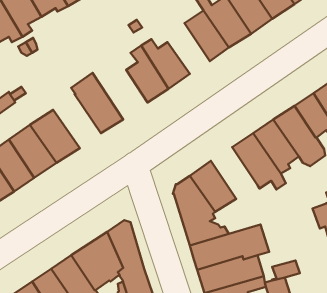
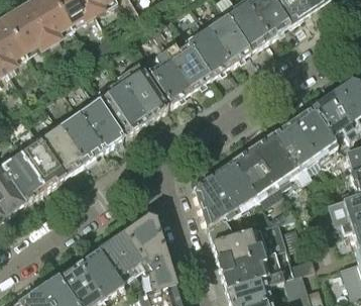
building: none -> [188,28,231,77]
building: none -> [119,62,169,120]
building: none -> [82,99,124,147]
building: none -> [232,146,276,199]

